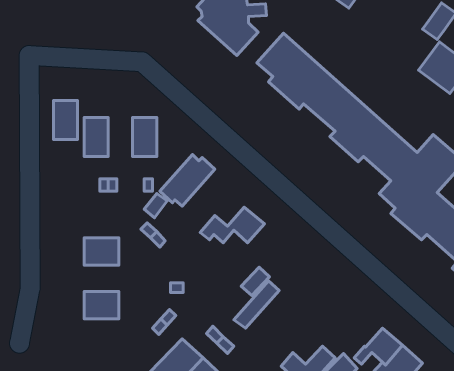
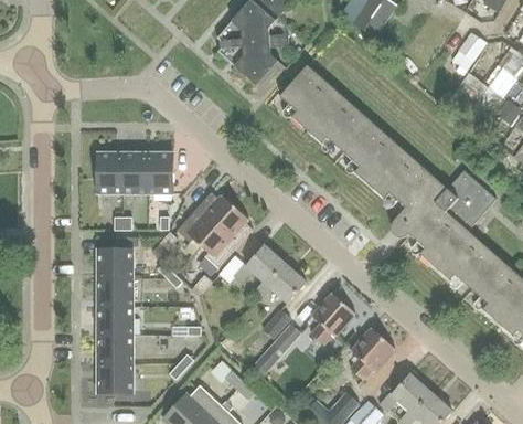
building: [53,100,78,139] -> [122,152,148,193]
building: none -> [200,206,252,267]
building: none -> [97,248,134,278]
building: none -> [252,264,307,301]
building: none -> [310,292,354,342]
building: none -> [97,307,134,335]
building: none -> [349,327,394,378]
building: none -> [97,363,134,393]

